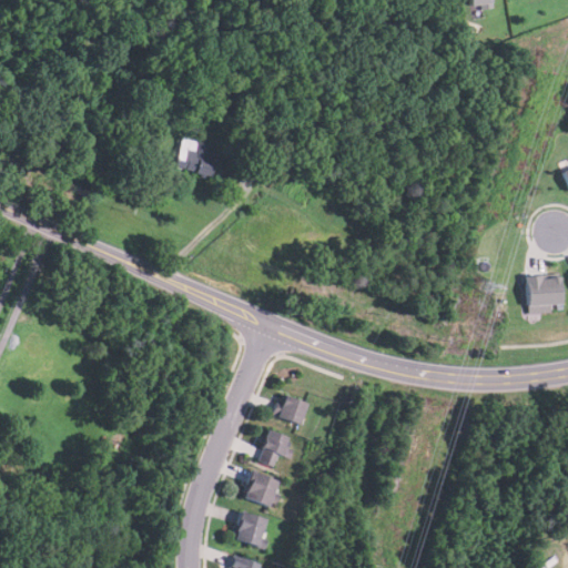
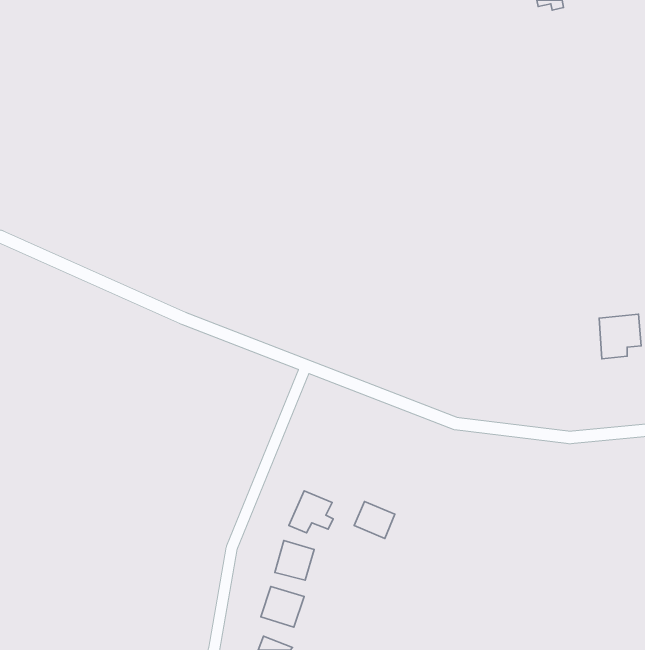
building: [175,138,219,176] -> none
building: [273,393,308,425] -> [354,501,395,538]

